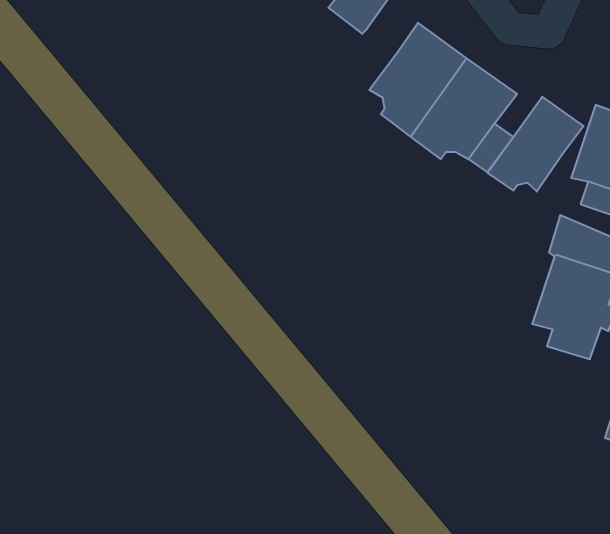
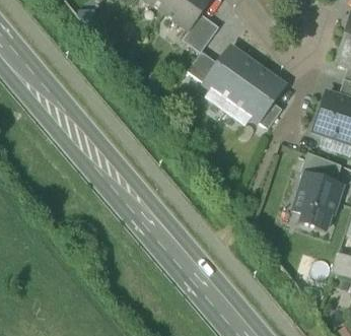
building: none -> [188,51,219,83]
building: [487,97,584,192] -> none

